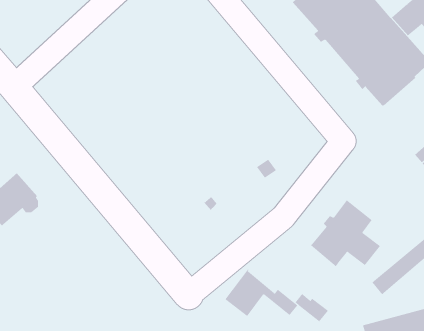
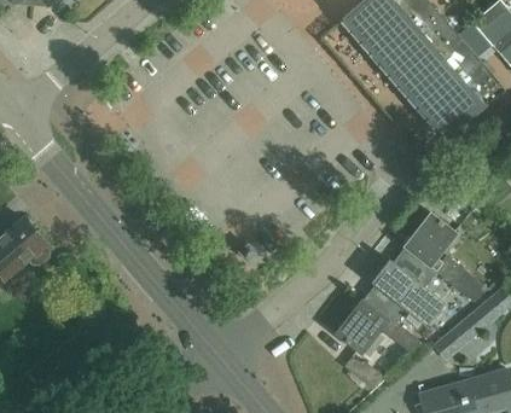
building: none -> [403,213,488,301]
building: [224,269,298,317] -> [335,298,420,354]

